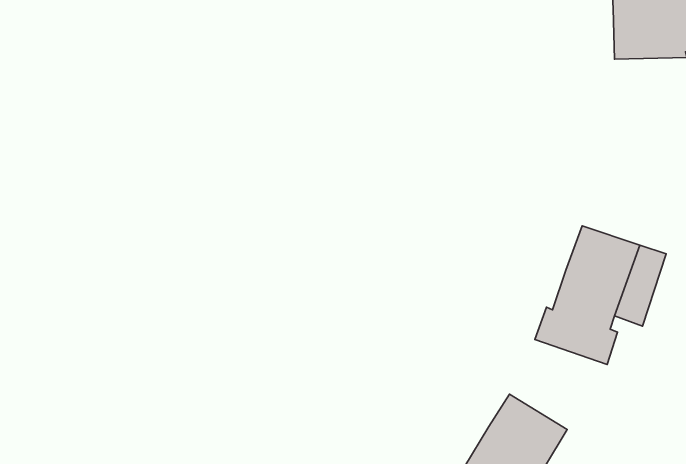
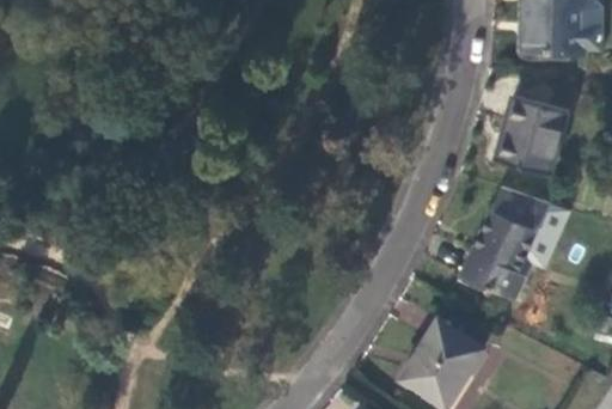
building: none -> [495,96,564,172]

